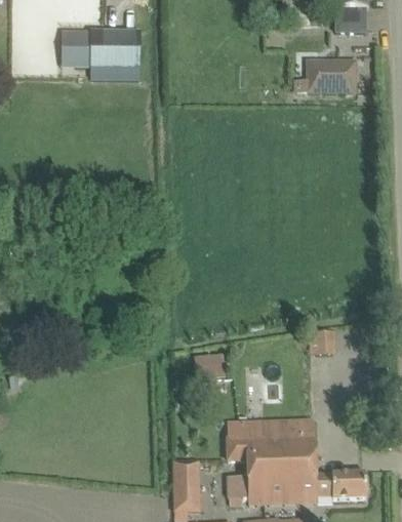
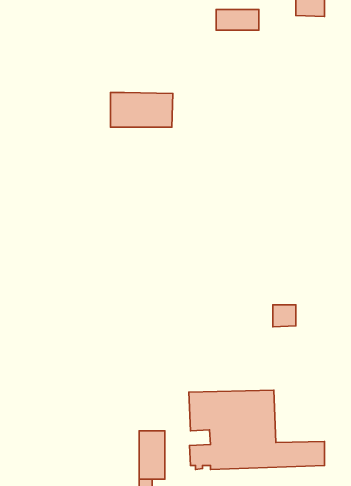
building: [76,31,140,67] -> [110,93,173,127]
building: [308,61,352,82] -> [216,9,259,30]
building: [194,353,224,380] -> none

